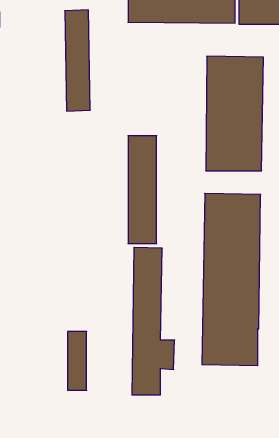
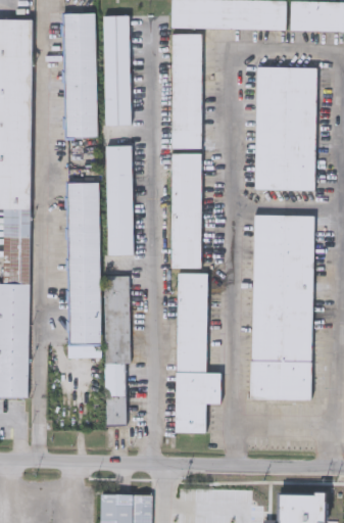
building: none -> [62,14,98,139]
building: none -> [171,34,202,149]
building: none -> [106,146,132,256]
building: none -> [66,184,102,359]
building: none -> [106,278,131,364]

